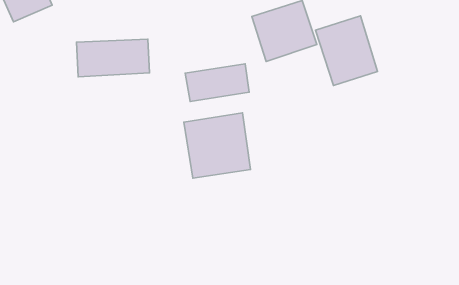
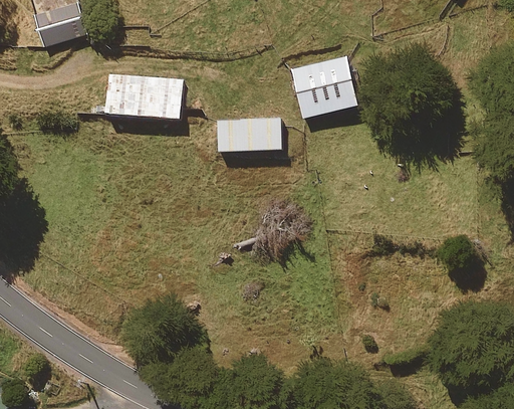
building: [315,16,378,85] -> none
building: [184,113,251,178] -> none

